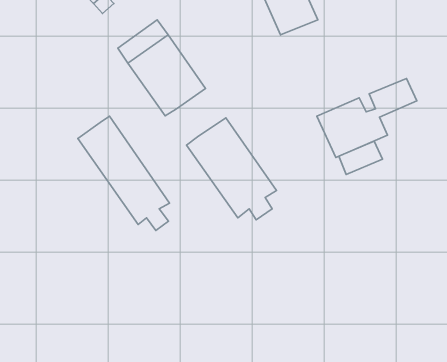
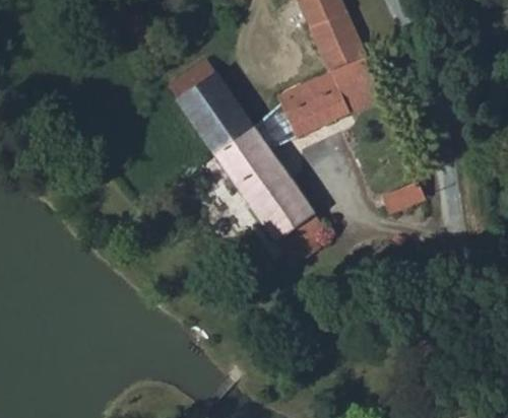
building: [317,79,417,157] -> [276,58,377,137]
building: none -> [225,127,274,176]
building: [78,116,169,230] -> none

